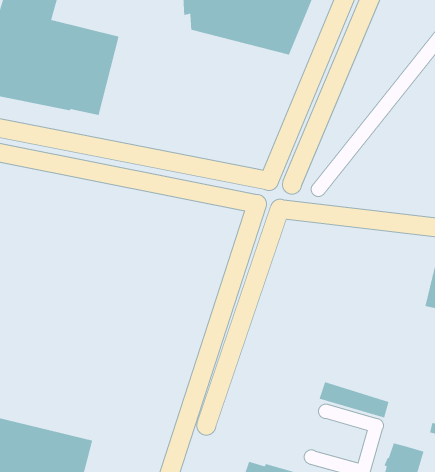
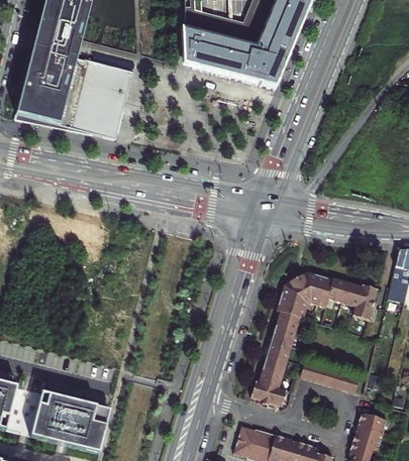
building: none -> [249,269,377,407]

